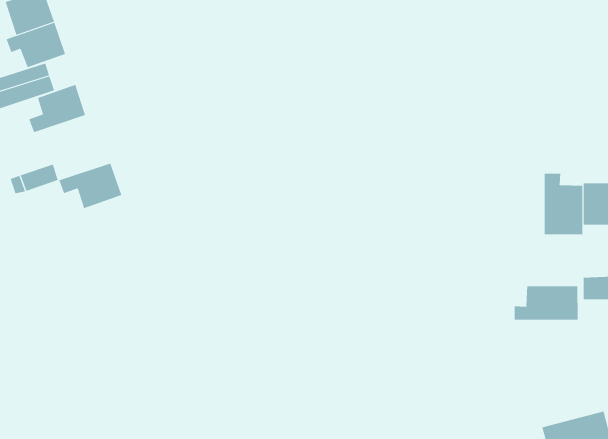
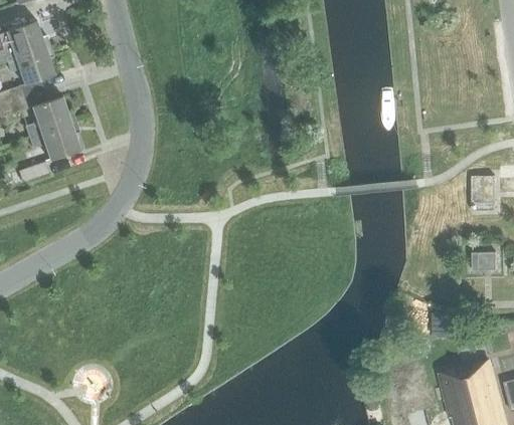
building: [58,163,122,209] -> [29,122,80,159]
building: [544,173,583,235] -> none
building: [514,285,578,321] -> none

